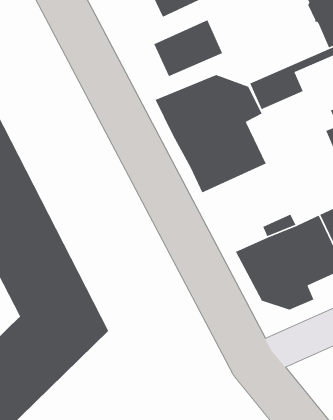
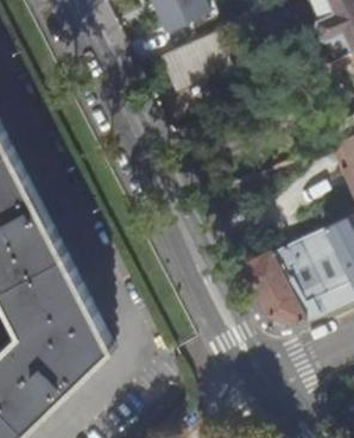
building: [155,74,267,194] -> none

